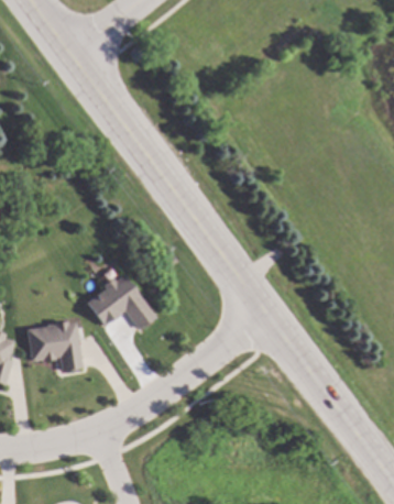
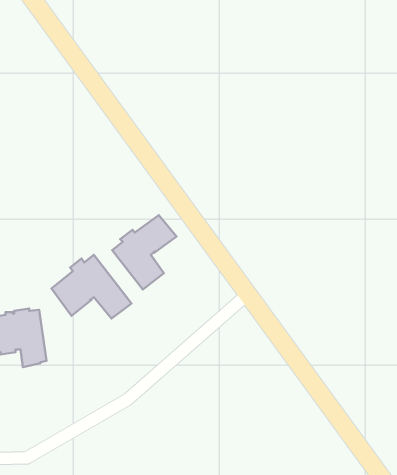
building: none -> [112,215,176,290]

